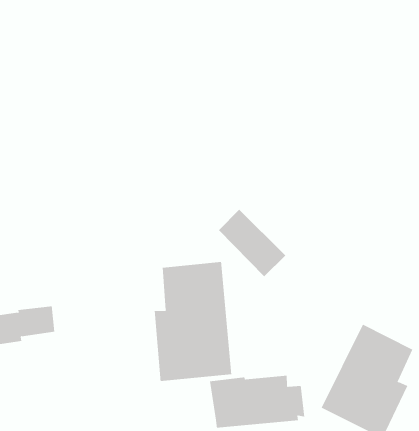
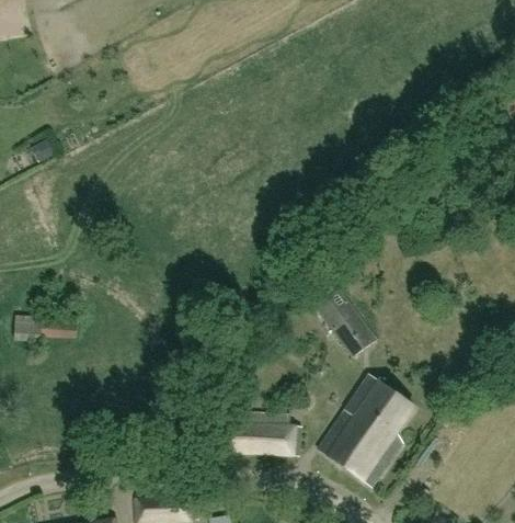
building: [218,209,286,277] -> [314,288,376,357]
building: [154,261,232,382] -> none

